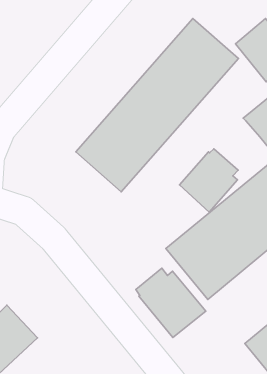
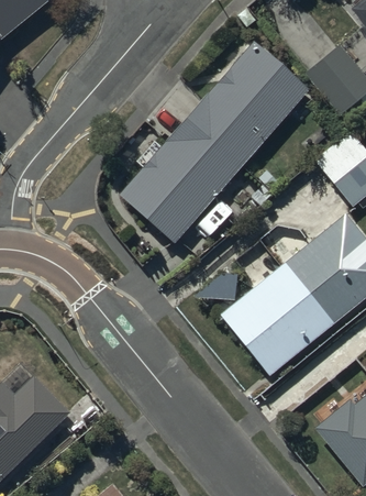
building: [180,149,238,212] -> none
building: [136,268,206,337] -> none

